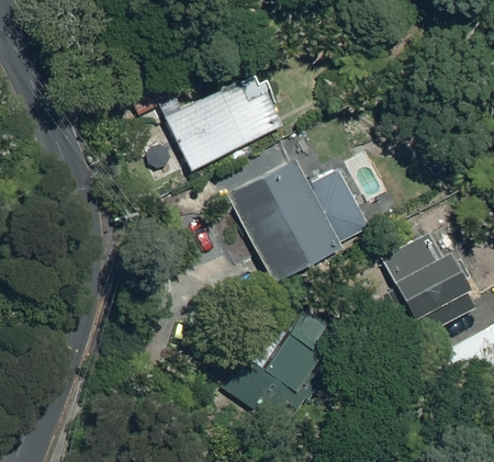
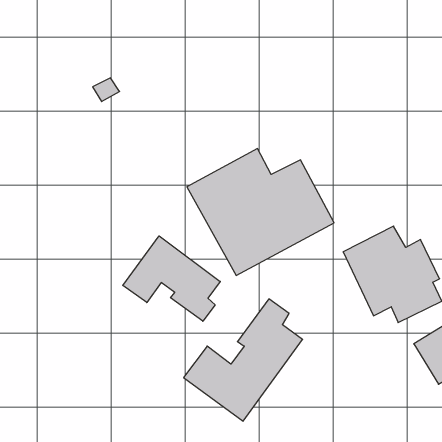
building: [164,75,283,169] -> none
building: none -> [123,236,220,321]

